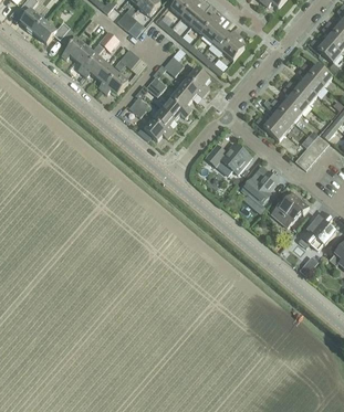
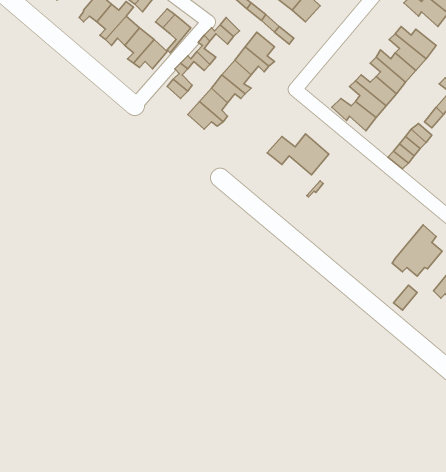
building: [241,167,278,203] -> none
building: [270,191,307,226] -> none

